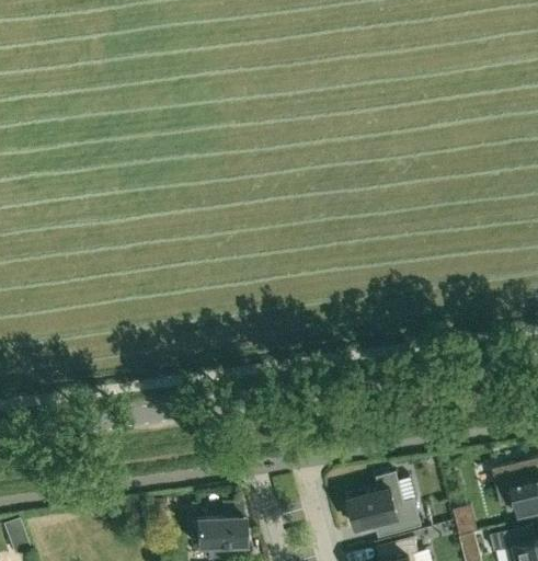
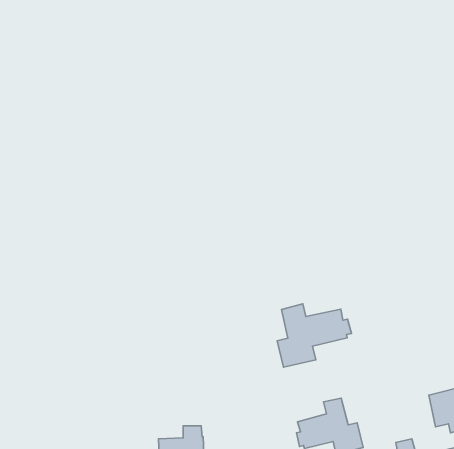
building: none -> [277,304,351,367]

